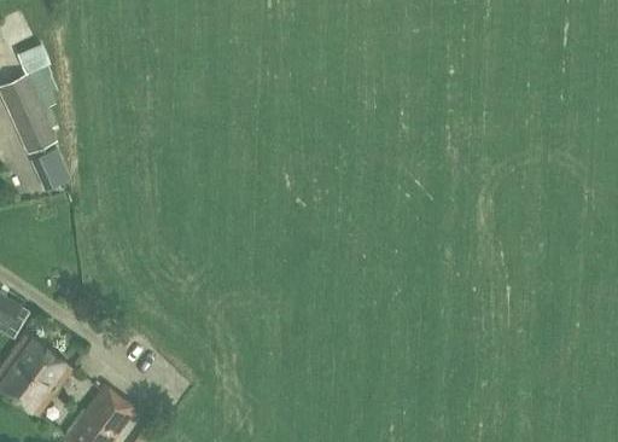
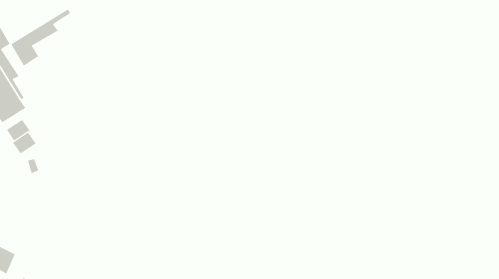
building: none -> [11,9,71,66]

